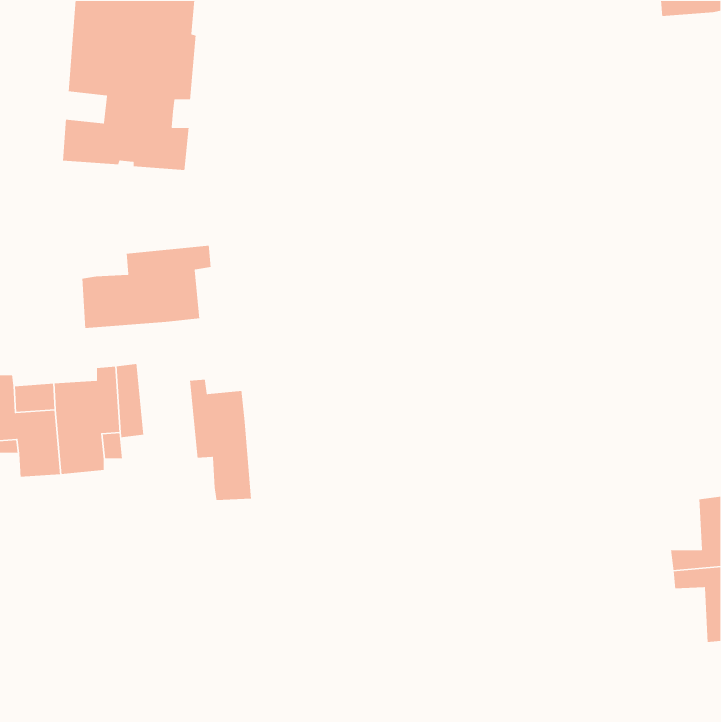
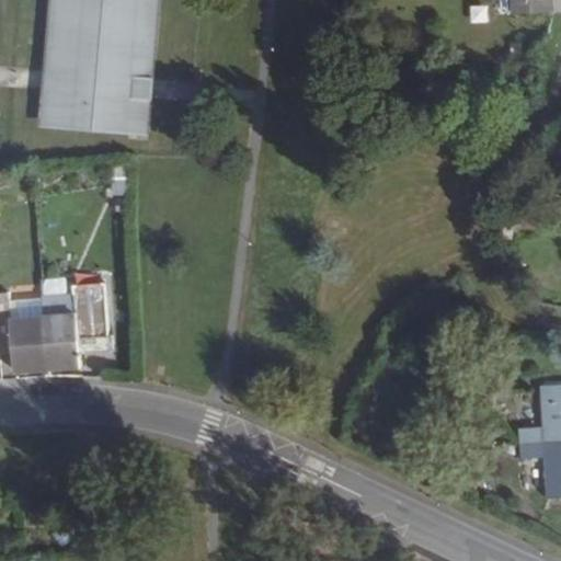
building: [81,245,211,329] -> none
building: [189,379,252,501] -> none

